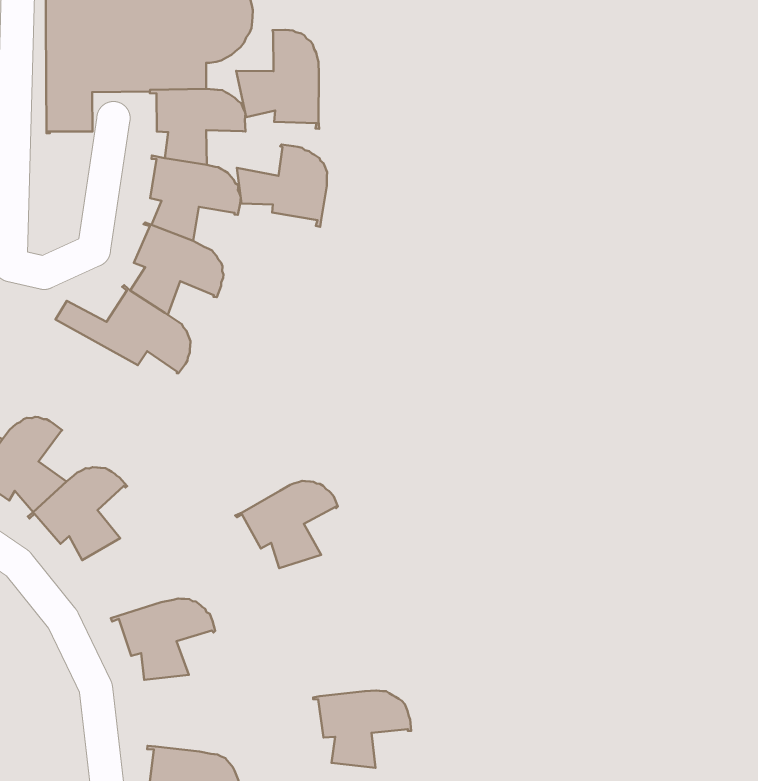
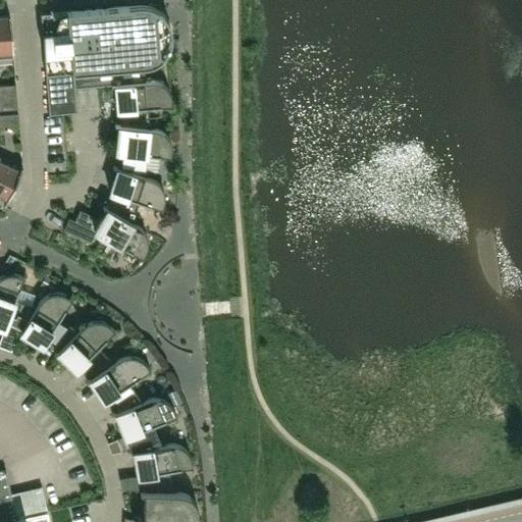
building: [236,30,319,129] -> none
building: [237,145,327,227] -> none
building: [235,481,338,568] -> [86,358,149,413]
building: [313,691,411,768] -> [129,446,192,493]

